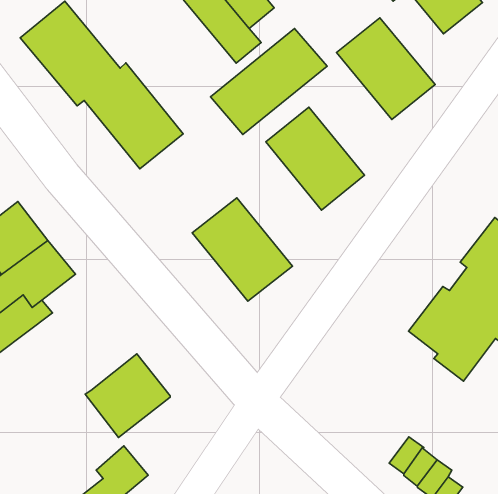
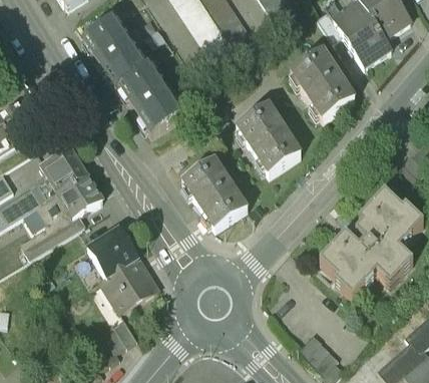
building: [211,28,327,135] -> none
building: none -> [87,227,137,277]

